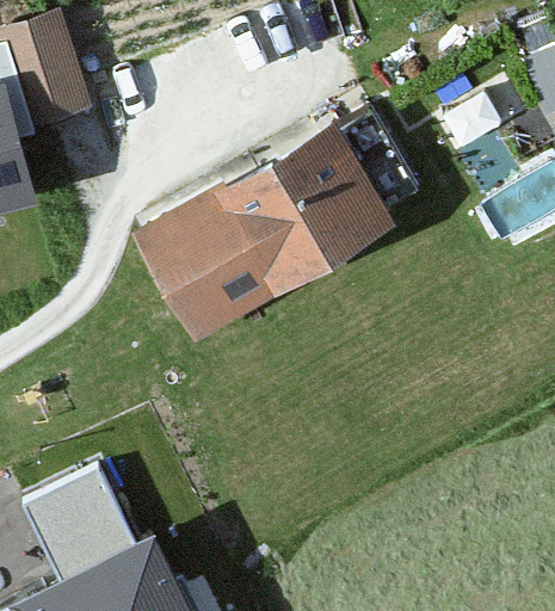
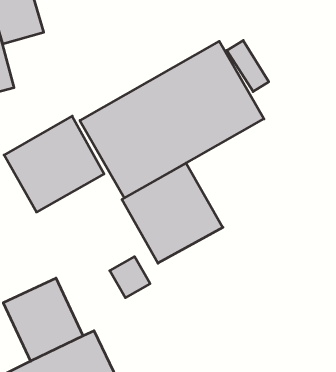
building: none -> [4,116,104,212]
building: none -> [122,163,223,263]

